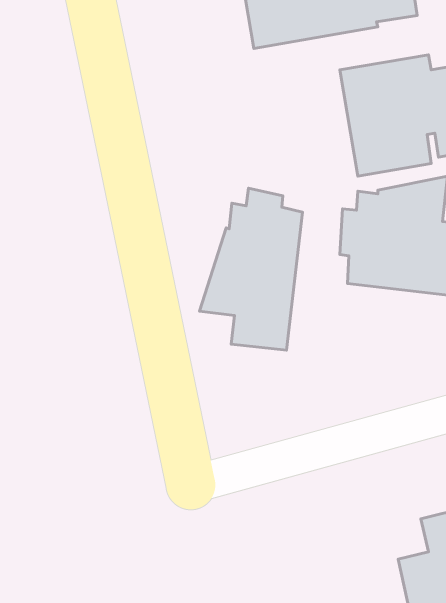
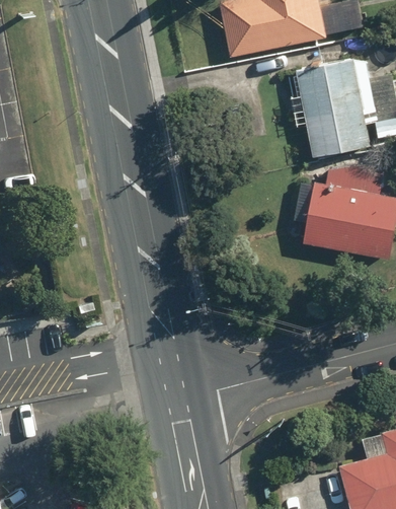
building: [200,188,303,350] -> none

